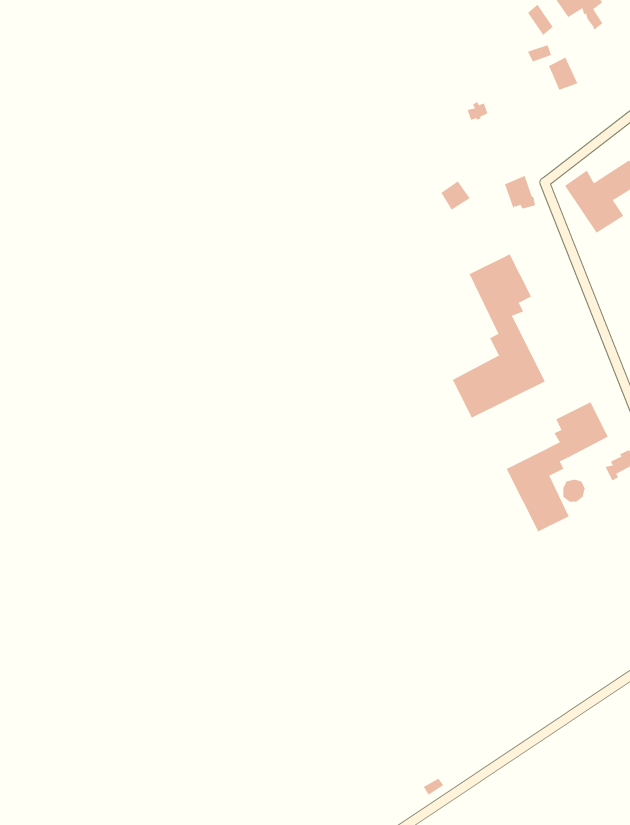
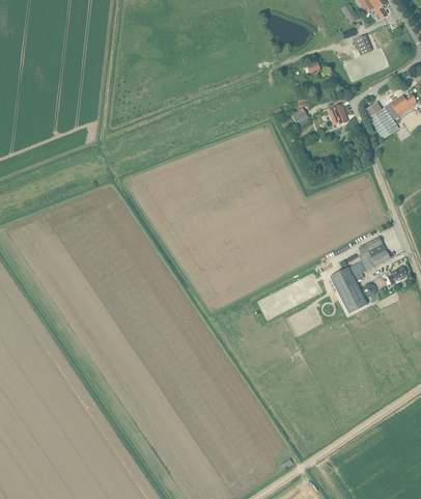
building: [452,253,545,419] -> none

